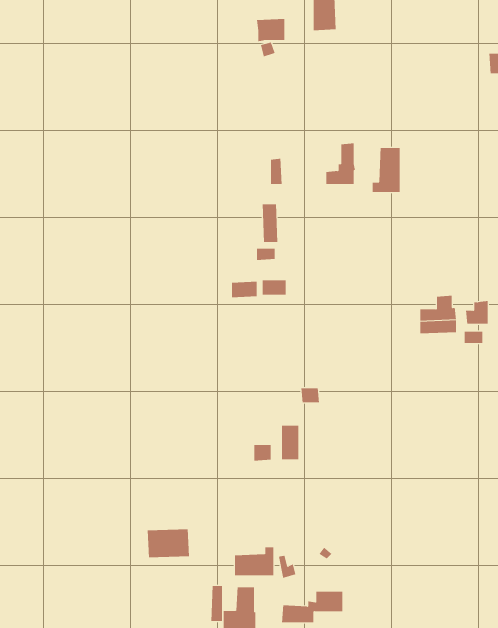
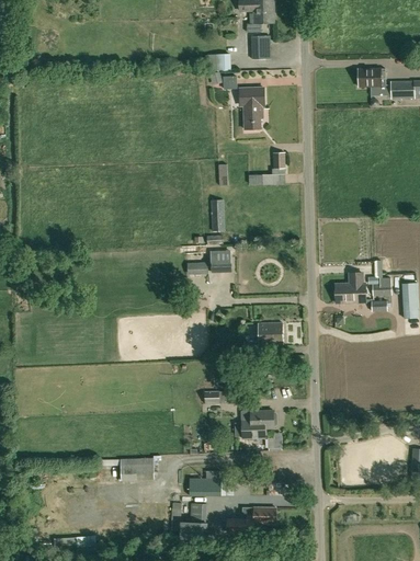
building: none -> [357,67,385,85]
building: none -> [239,87,263,128]
building: [372,147,400,193] -> none
building: none -> [257,322,282,344]
building: none -> [240,409,276,437]

